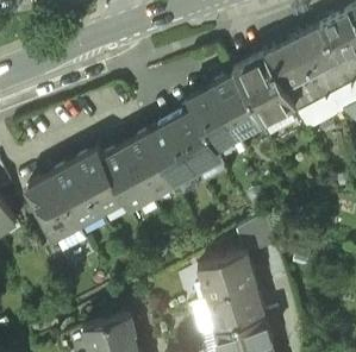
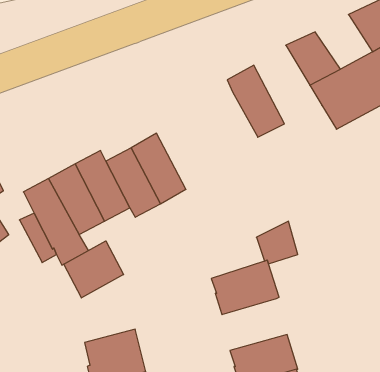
building: [288,29,339,77] -> none
building: [231,56,294,126] -> none
building: [158,98,243,181] -> none
building: none -> [64,241,124,298]
building: [205,282,264,328] -> none

